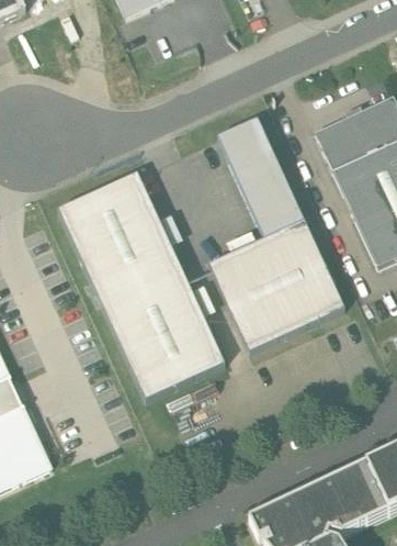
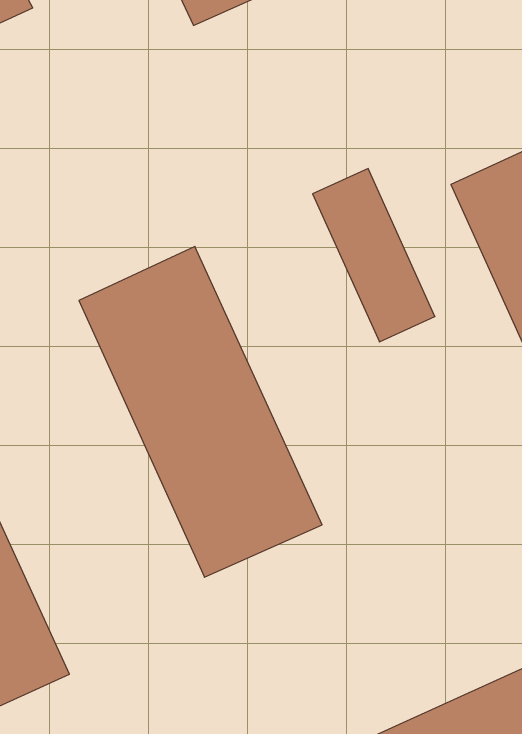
building: [207,219,344,352] -> none

